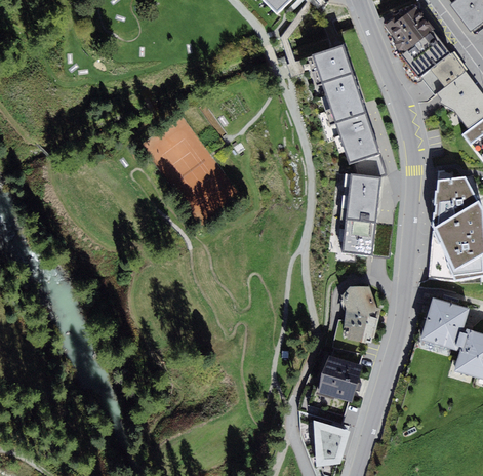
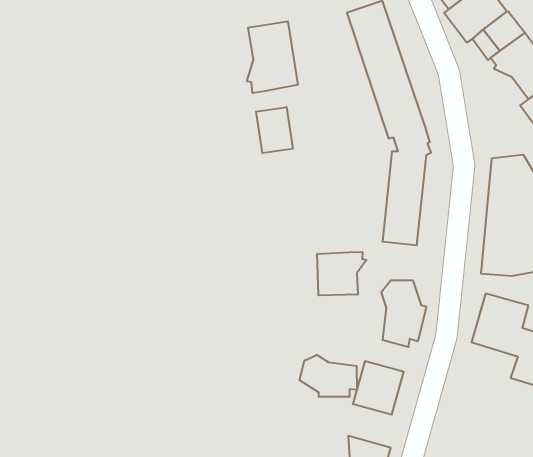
building: none -> [247,21,298,93]
building: none -> [256,107,293,153]
building: none -> [317,252,366,295]
building: none -> [300,355,357,397]

